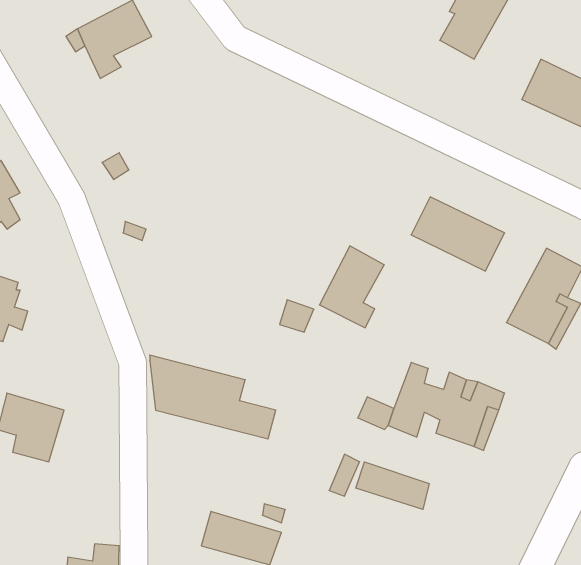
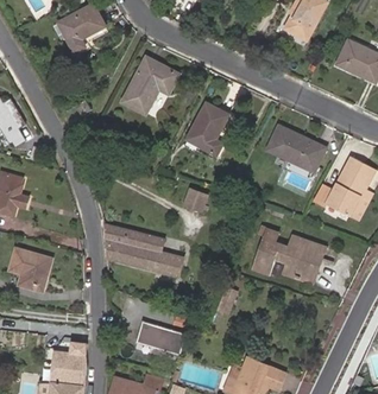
building: none -> [122,57,179,114]
building: [319,246,384,328] -> [188,103,228,154]
building: [356,462,429,509] -> none

